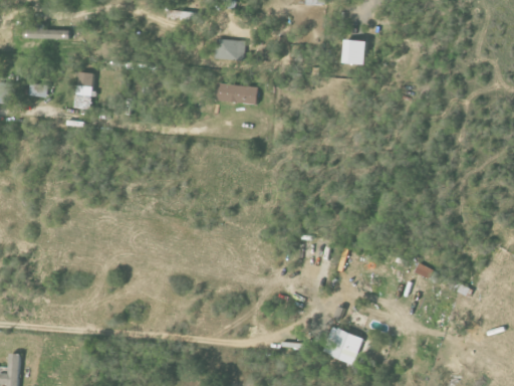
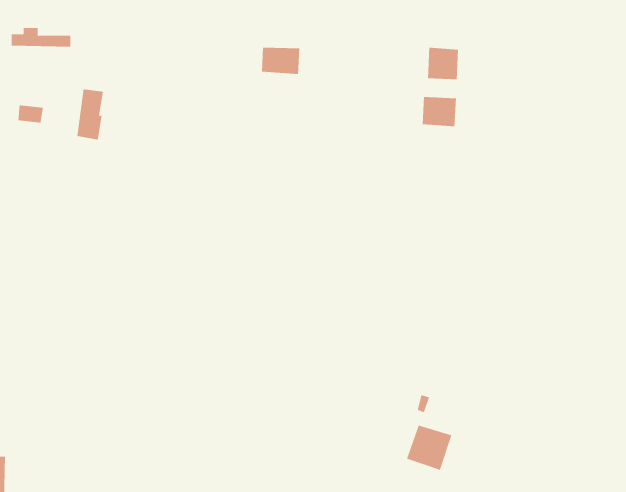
building: none -> [422,96,457,127]
building: [217,84,258,104] -> none

